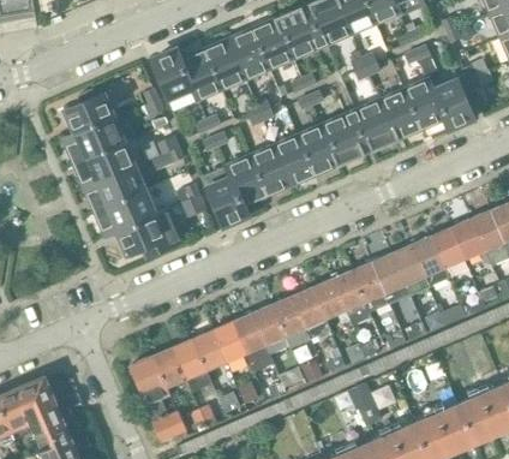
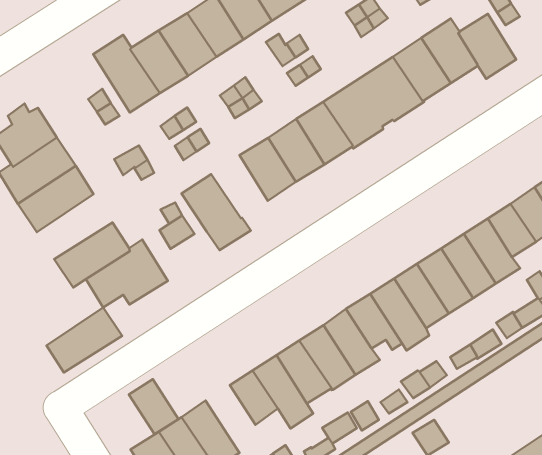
building: [226,156,265,204] -> none
building: [85,167,144,211] -> [47,308,122,372]
building: [192,330,227,372] -> [129,379,179,434]

